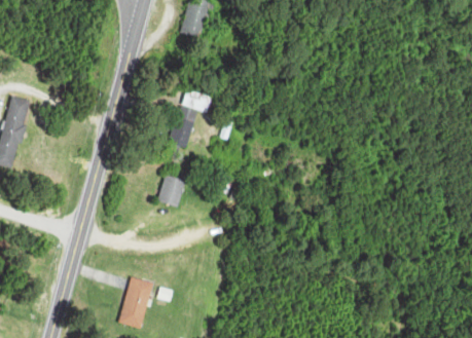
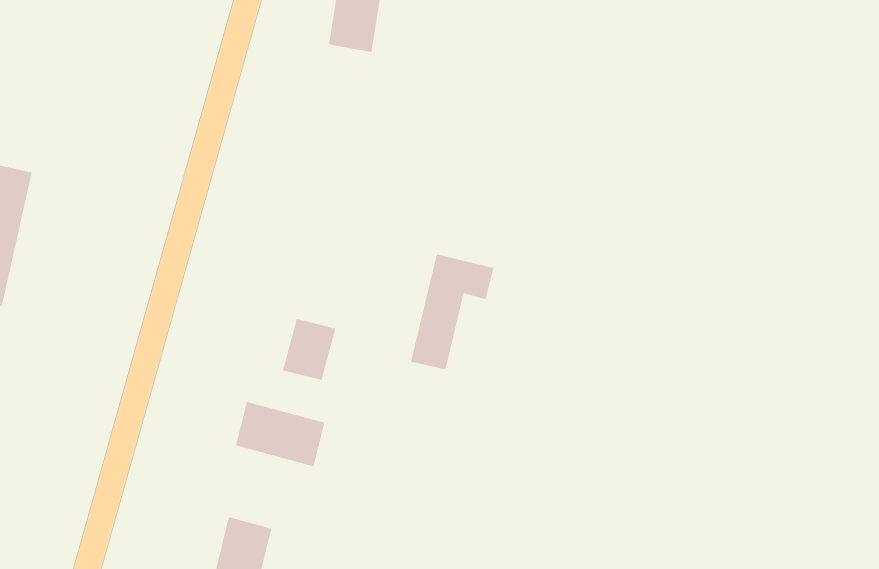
building: [169,90,212,150] -> [410,254,494,370]
building: none -> [236,401,325,467]

